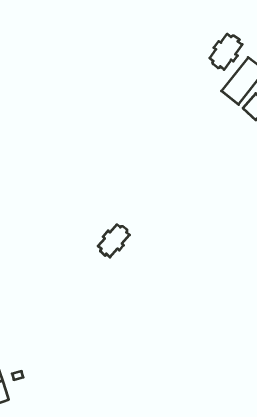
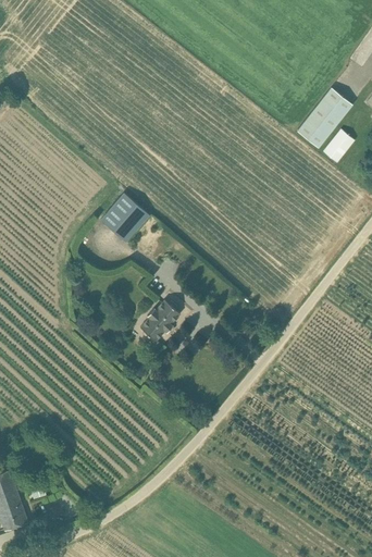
building: [210,34,242,70] -> none
building: none -> [100,194,149,242]

